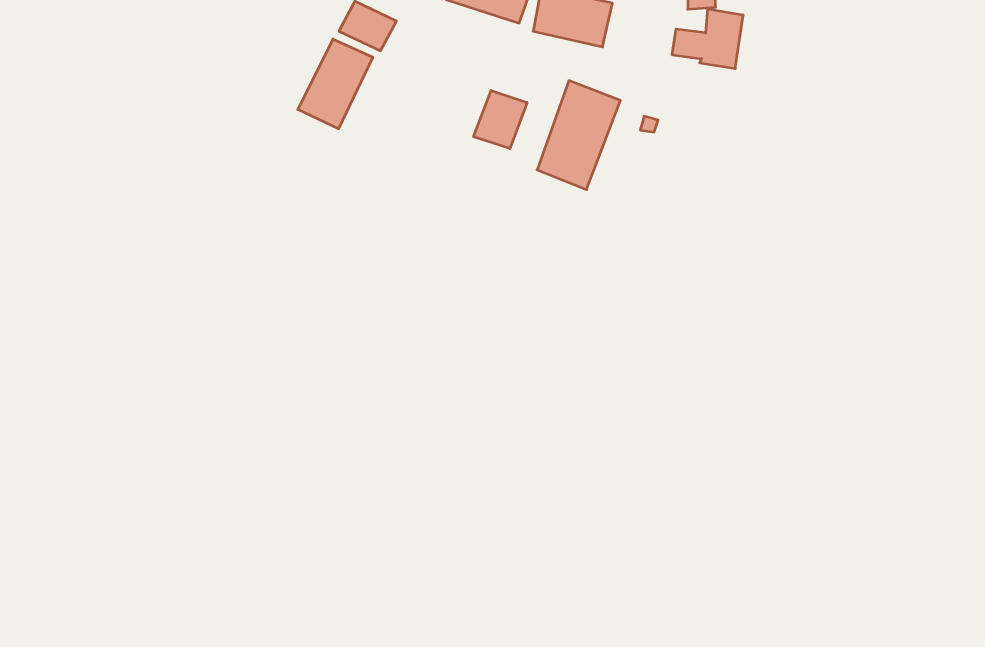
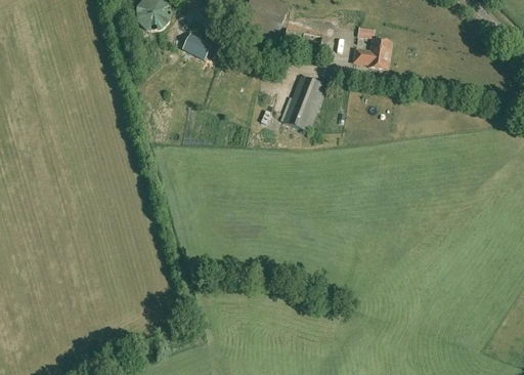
building: [298,39,373,129] -> none
building: [474,90,527,149] -> none

